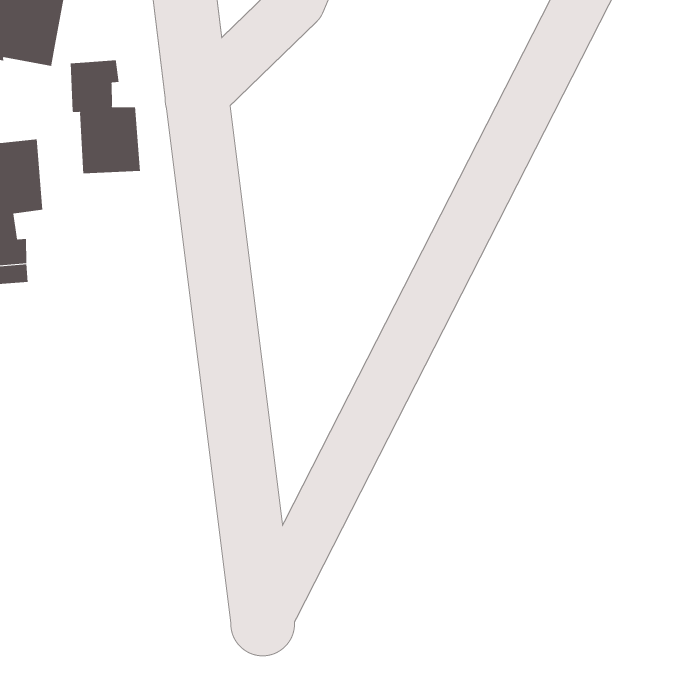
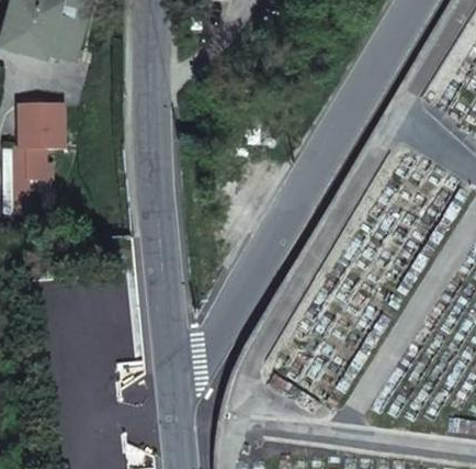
building: [70,59,141,174] -> none

